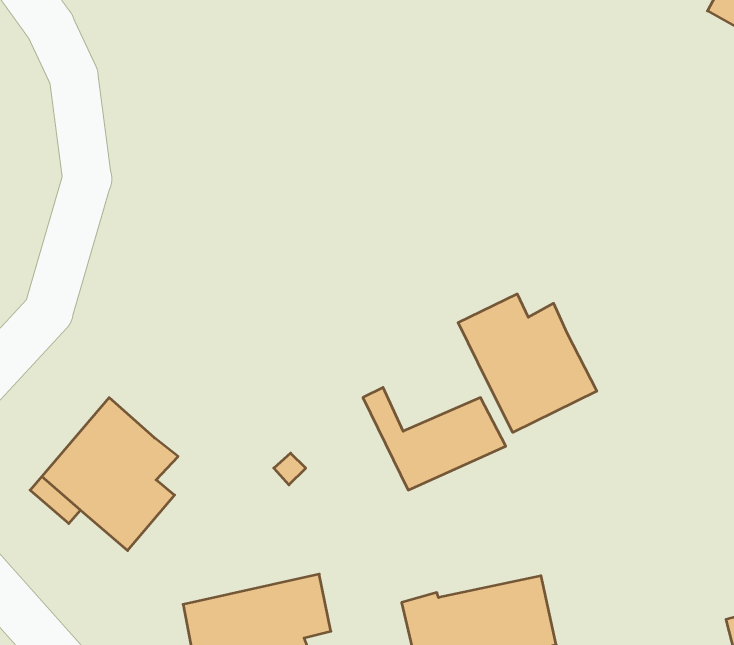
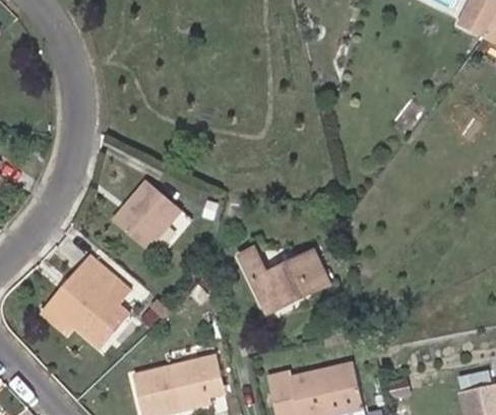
building: none -> [114,180,180,246]
building: [458,294,597,432] -> none

